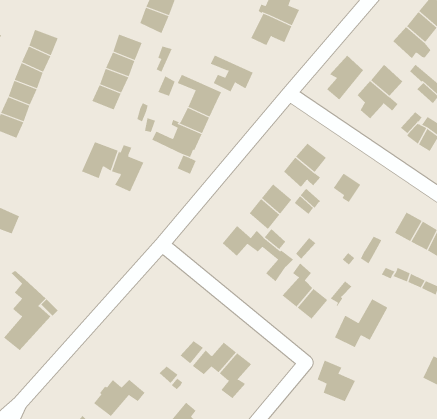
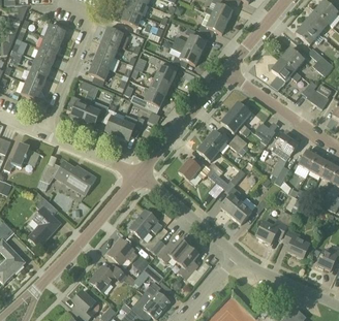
building: none -> [174,27,207,54]
building: [326,55,364,101] -> none
building: none -> [67,81,97,122]
building: none -> [116,115,145,141]
building: none -> [267,134,299,160]
building: none -> [40,160,95,194]
building: none -> [130,210,162,238]
building: none -> [107,238,137,265]
building: [317,360,356,402] -> [283,228,310,257]

